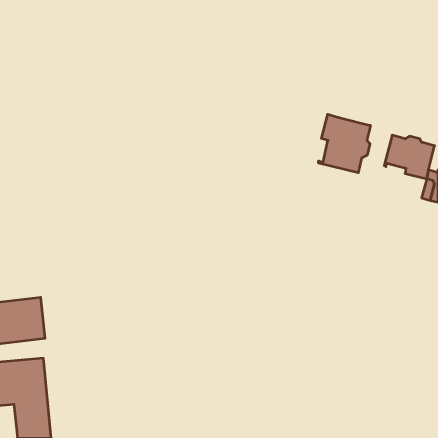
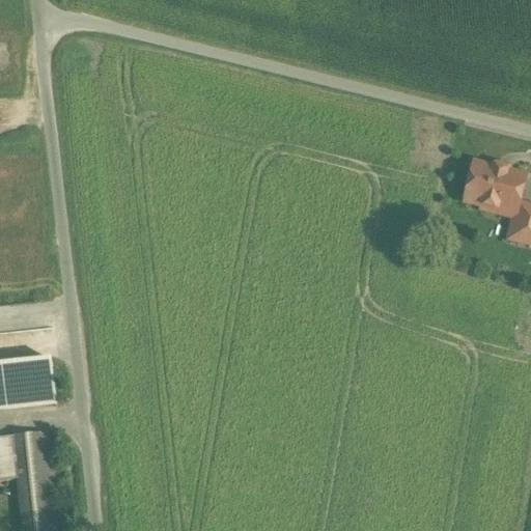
building: [319,114,370,173] -> none

